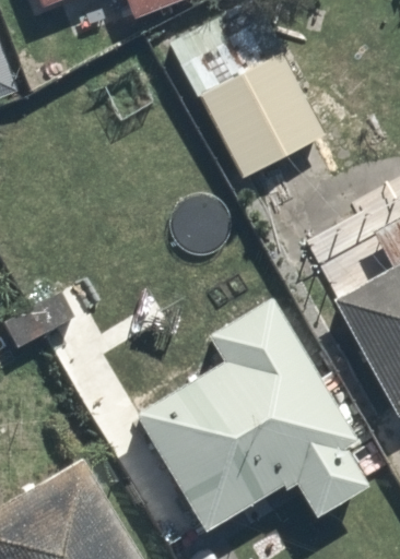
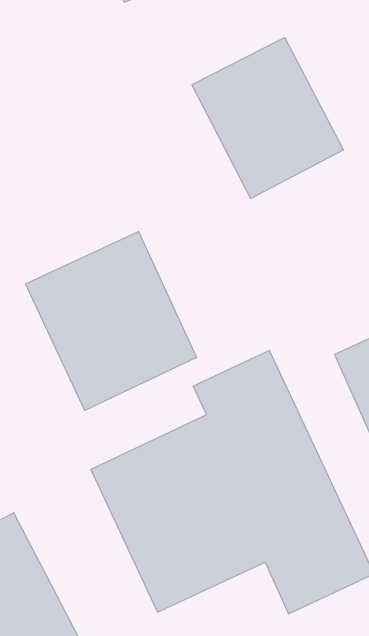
building: none -> [26,231,197,411]

